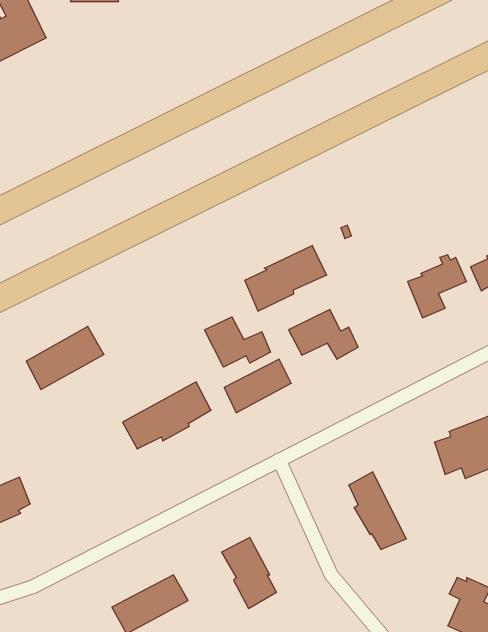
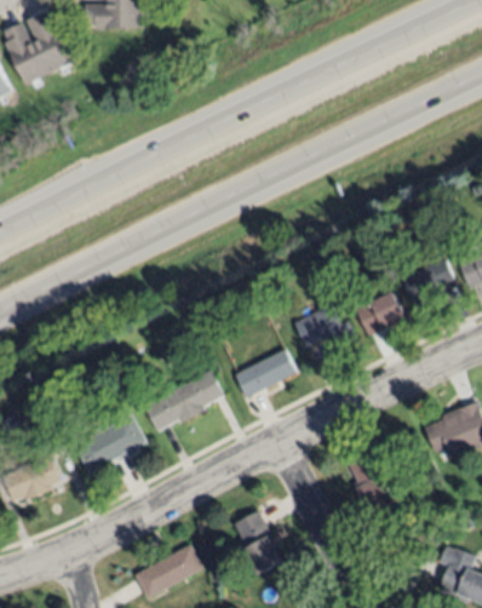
building: [245,245,327,311] -> none
building: none -> [355,292,402,337]
building: [205,317,270,367] -> none
building: [26,326,104,389] -> [75,417,145,474]

